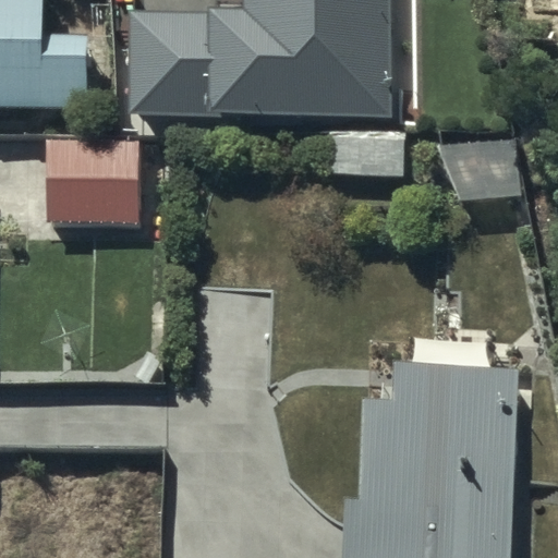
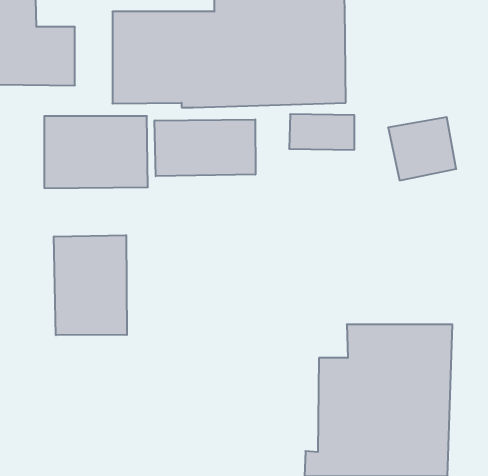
building: none -> [155,119,255,176]
building: none -> [54,235,127,335]

